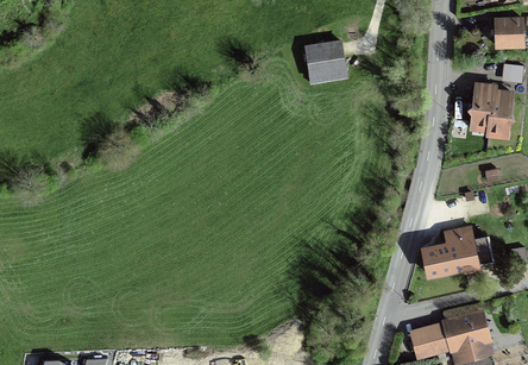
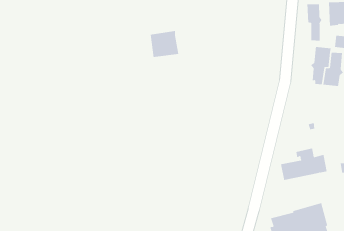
building: none -> [307,4,322,42]
building: [304,44,347,83] -> [150,31,179,58]

